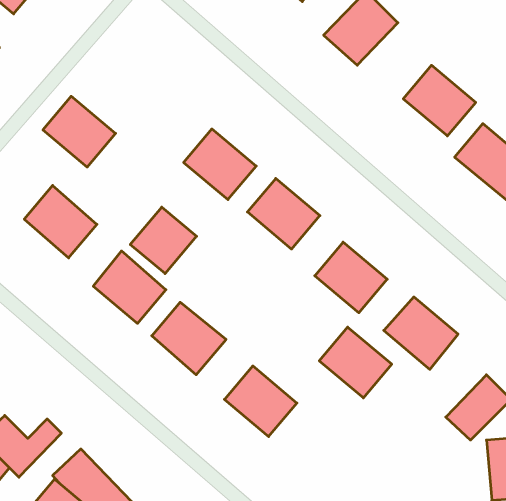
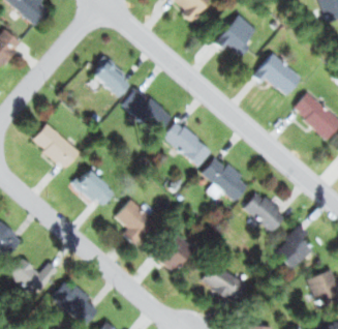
building: [43,96,116,167] -> [93,58,135,99]
building: [130,207,197,274] -> none
building: [319,327,392,398] -> [197,261,240,302]

